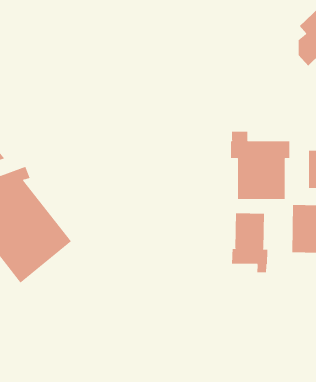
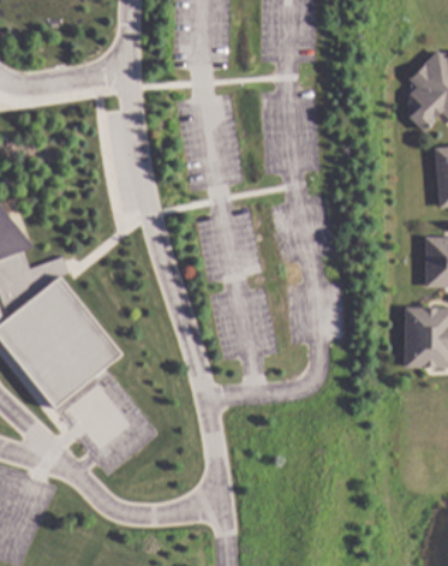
building: [230,131,290,200] -> none
building: [232,213,268,273] -> none

